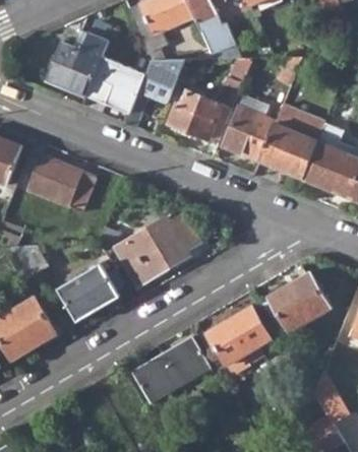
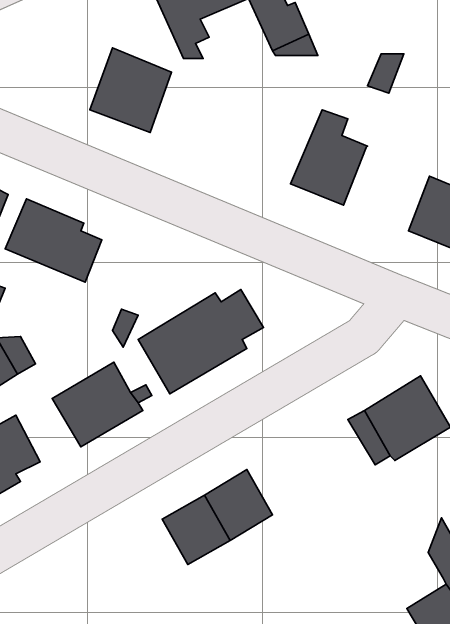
building: [45,28,108,95] -> none
building: [124,59,182,126] -> none
building: [166,89,230,142] -> none
building: [257,102,323,176] -> none
building: [208,308,272,374] -> none

